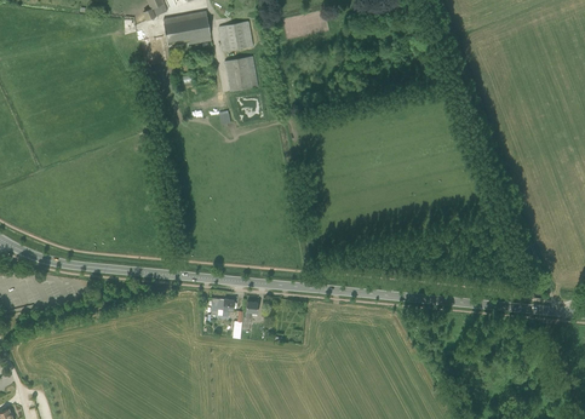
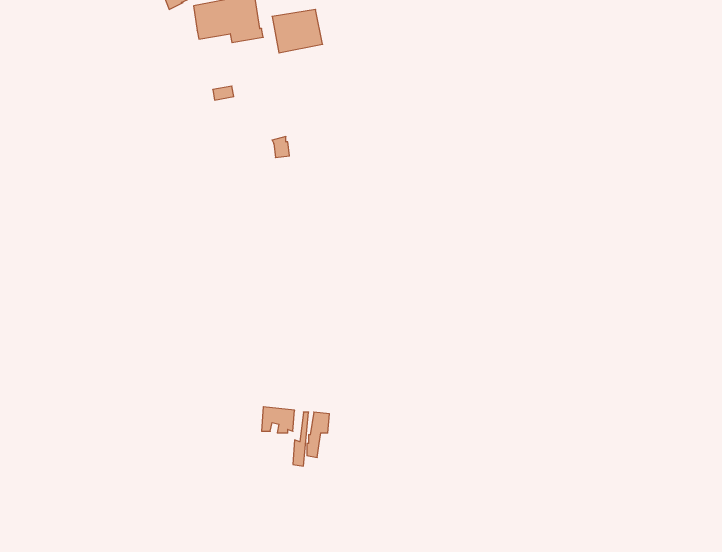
building: [223,57,257,92] -> none

